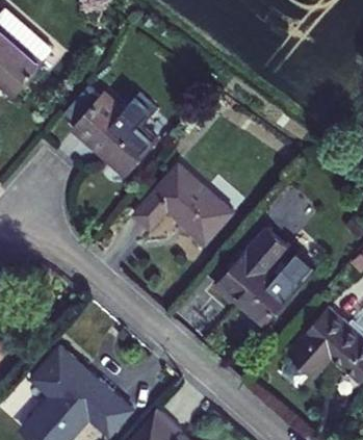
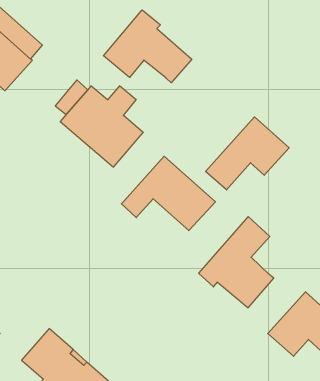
building: none -> [103,10,192,83]
building: none -> [206,117,289,190]
building: [271,244,313,289] -> none

